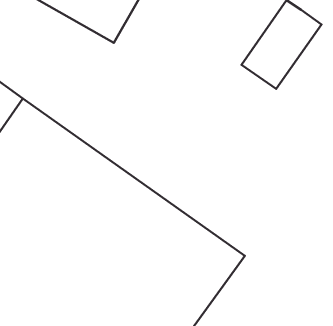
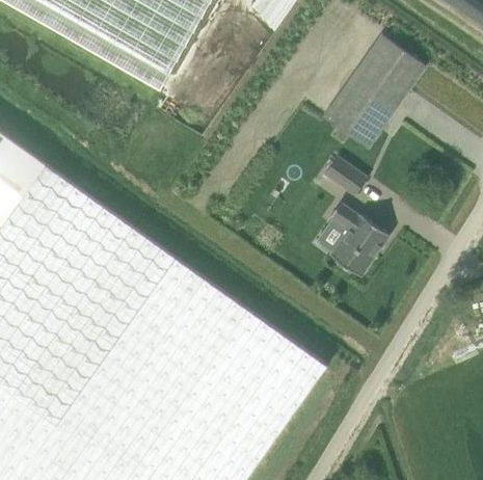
building: none -> [323,157,366,195]
building: none -> [329,203,388,275]

